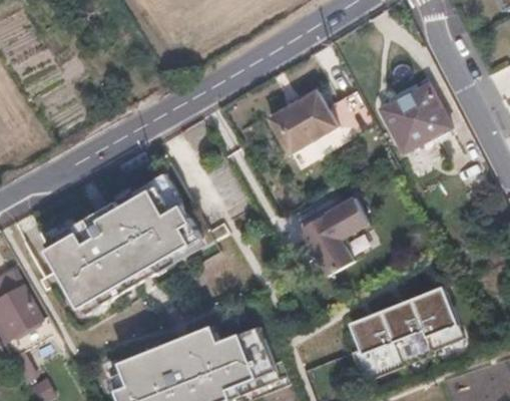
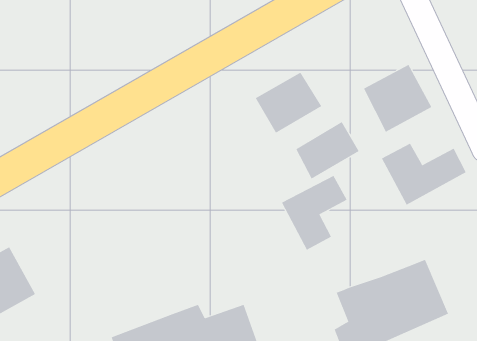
building: none -> [295,121,359,179]
building: none -> [381,143,466,206]
building: [44,188,203,310] -> none

